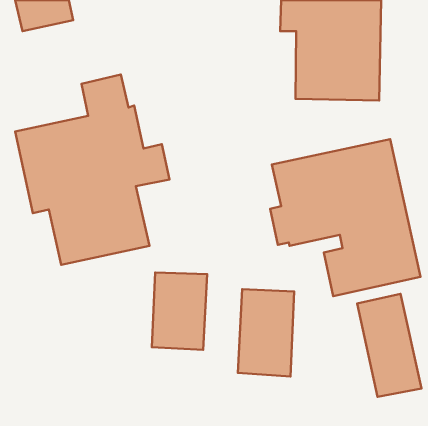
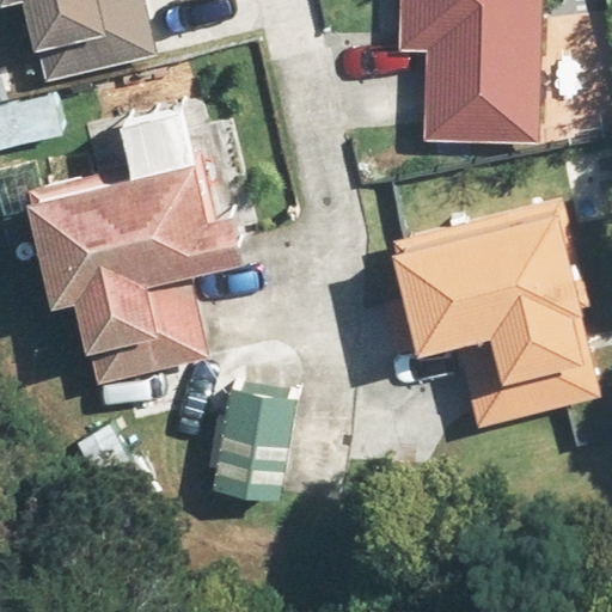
building: [238,289,294,376] -> none
building: [357,294,422,397] -> none

